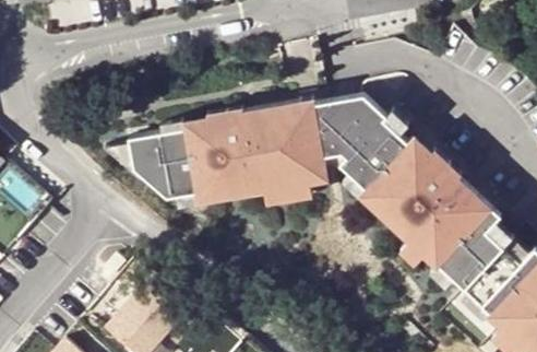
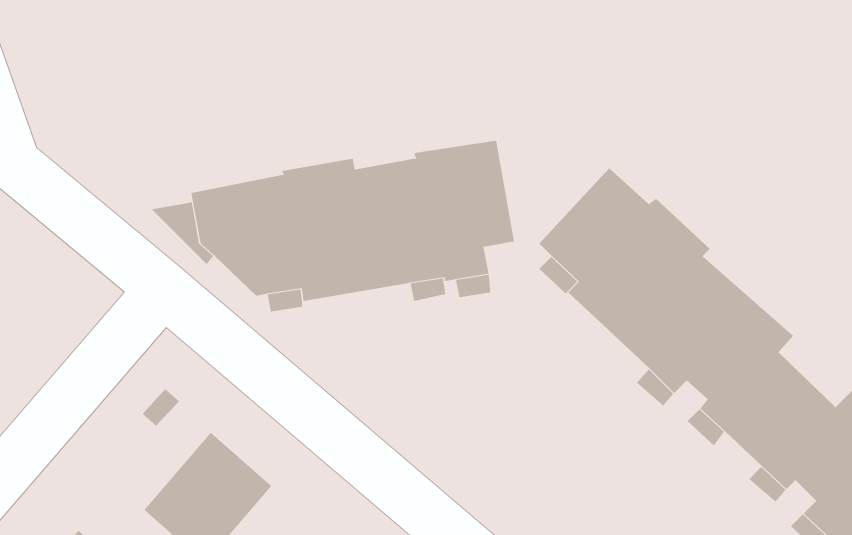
building: [319,97,386,167] -> none

